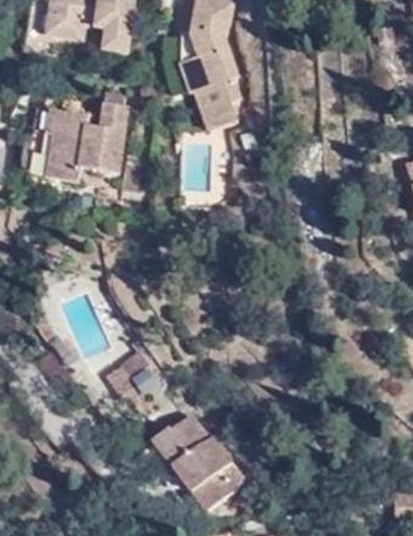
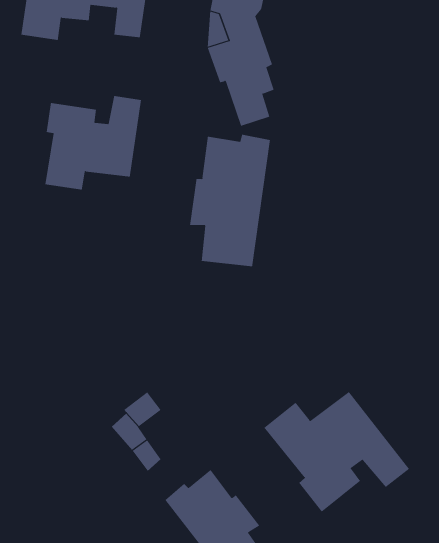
building: none -> [190,134,271,267]
building: none -> [263,391,410,512]

